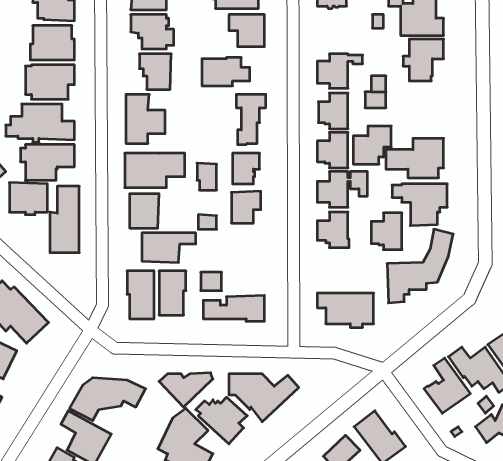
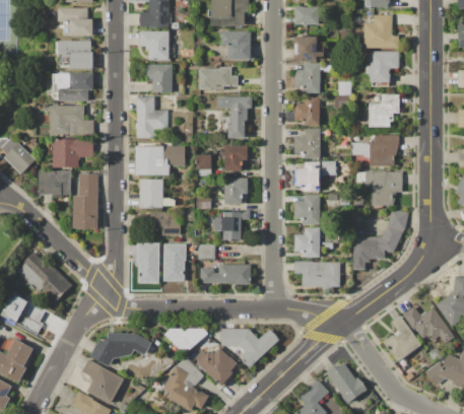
building: none -> [294,38,324,61]
building: [353,126,391,164] -> [369,95,400,127]
building: [371,213,402,250] -> [294,227,320,258]
building: none -> [216,212,250,239]

